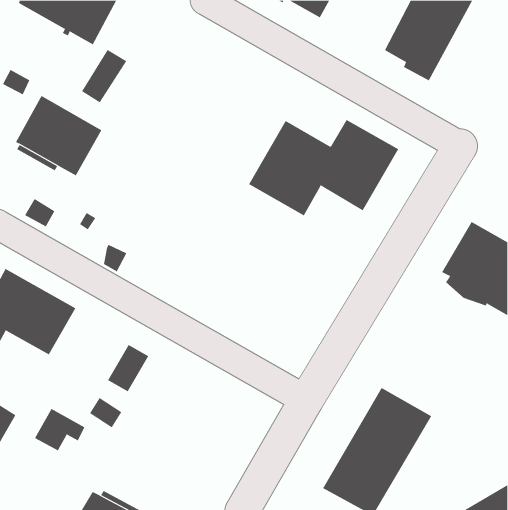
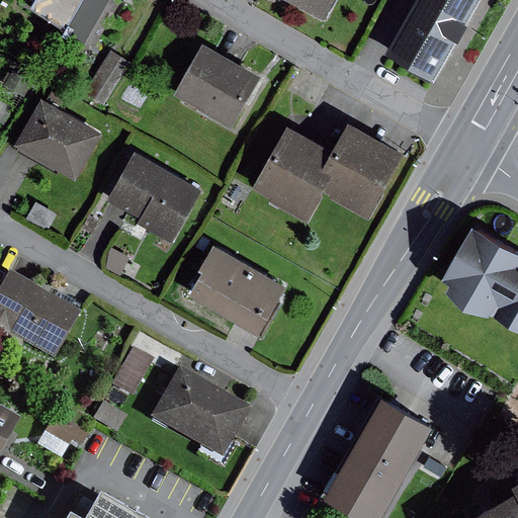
building: none -> [173,42,260,126]
building: none -> [106,150,201,242]
building: none -> [189,244,287,335]
building: none -> [147,368,247,459]

